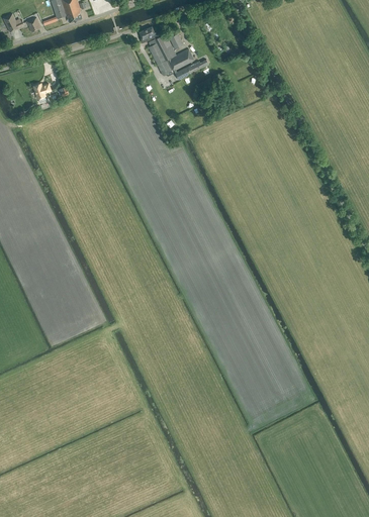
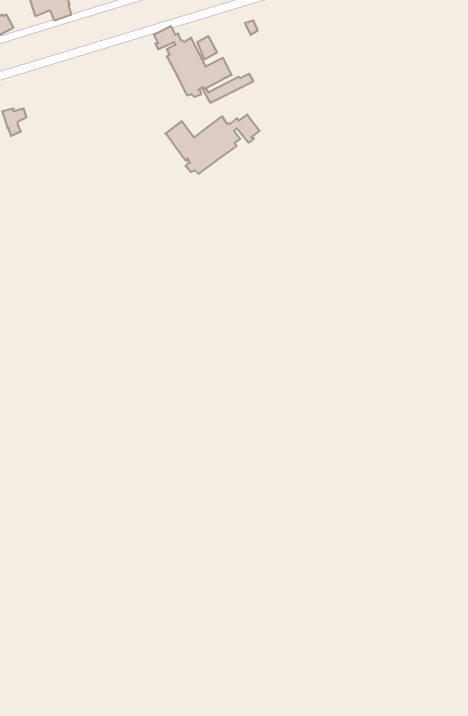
building: none -> [165,114,260,174]

